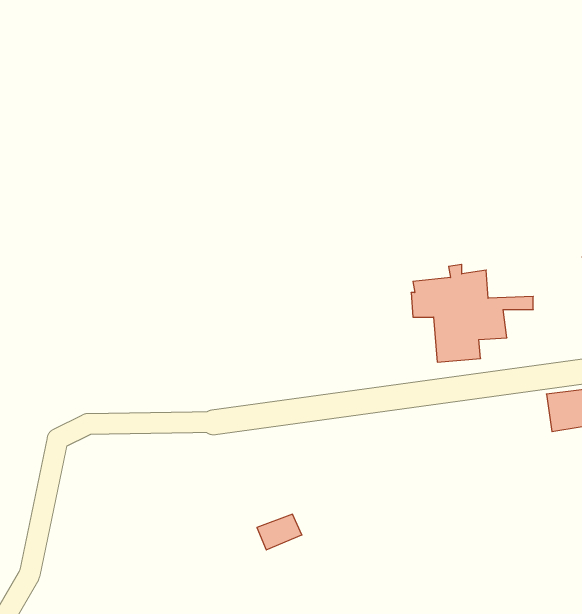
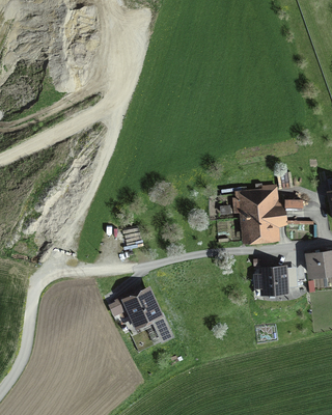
building: none -> [254,269,297,294]
building: none -> [109,292,158,326]

